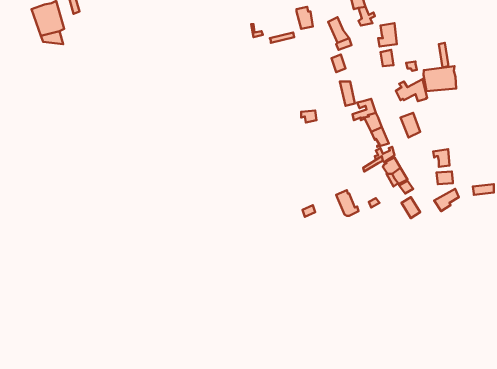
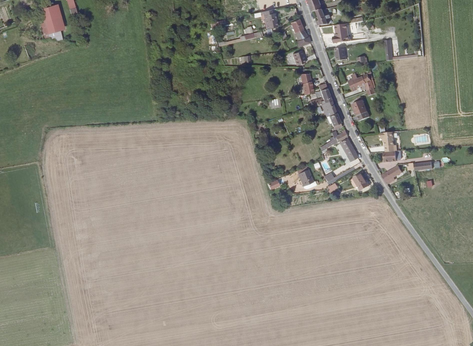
building: [424,66,456,91] -> none

